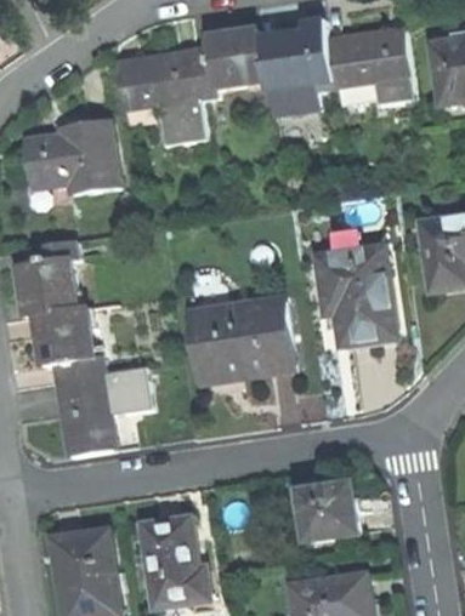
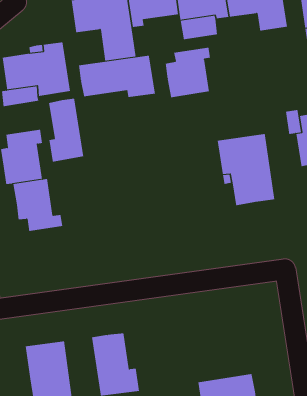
building: none -> [165,47,211,98]
building: none -> [79,55,155,98]
building: none -> [49,98,84,162]
building: [194,298,293,373] -> none
building: [57,366,151,454] -> none
building: [301,485,358,538] -> none

